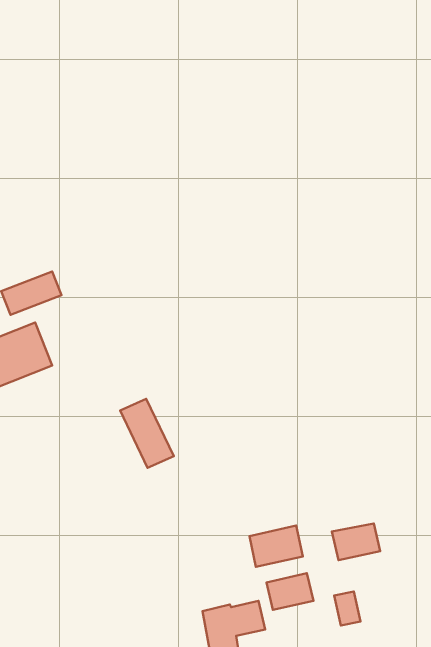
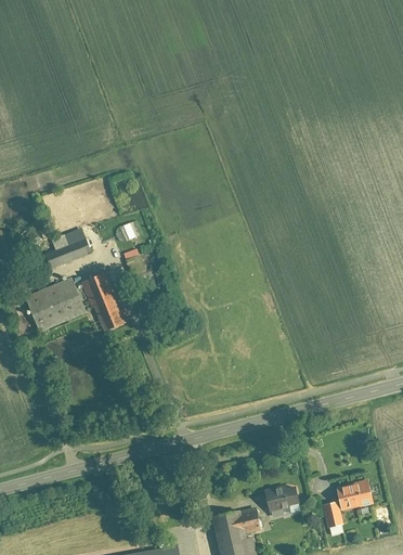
building: [120,399,174,468] -> [83,271,128,328]
building: [332,524,380,560] -> [335,481,375,512]
building: [249,525,303,567] -> none

